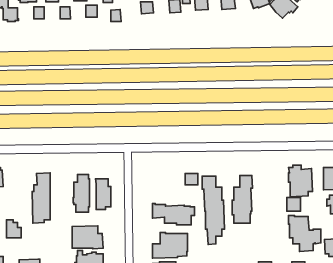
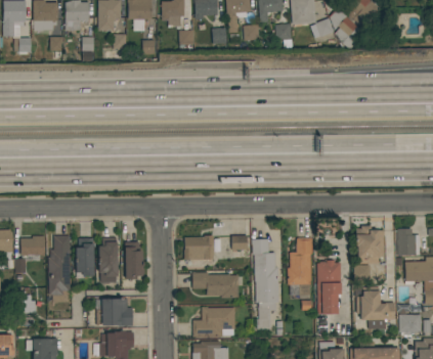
building: none -> [16,236,46,273]
building: none -> [185,236,214,260]
building: none -> [77,238,94,278]
building: none -> [317,261,342,314]

